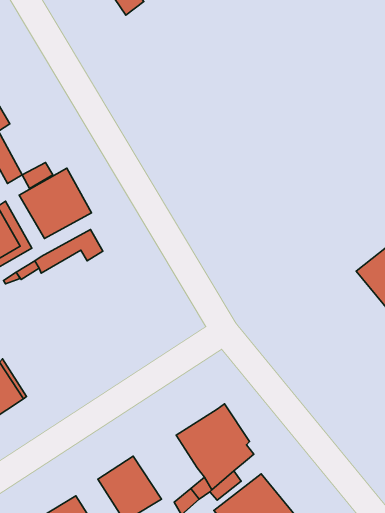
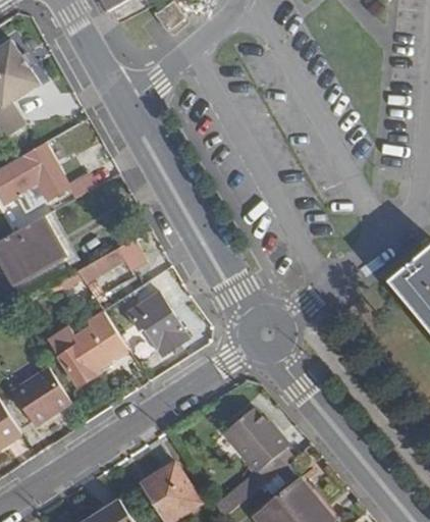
building: [19,168,91,239] -> none
building: none -> [127,293,186,355]
building: none -> [48,312,125,386]

